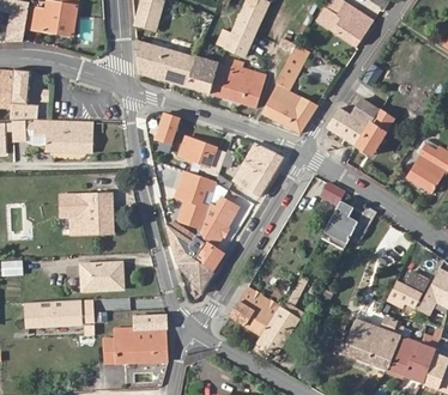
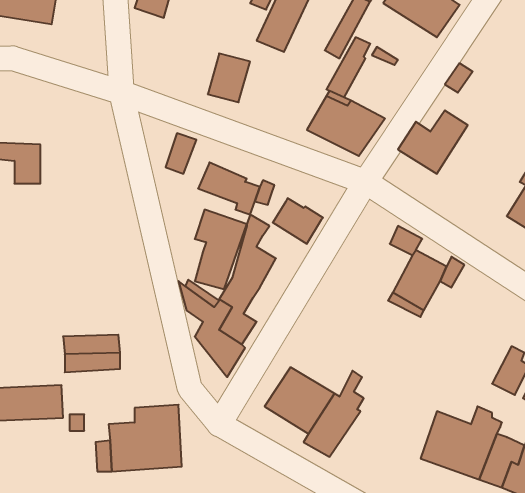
building: [134,40,195,86] -> none
building: [210,62,266,105] -> none
building: [356,109,394,154] -> none
building: [63,123,92,152] -> none
building: [246,145,283,177] -> none
building: [67,195,111,235] -> none

